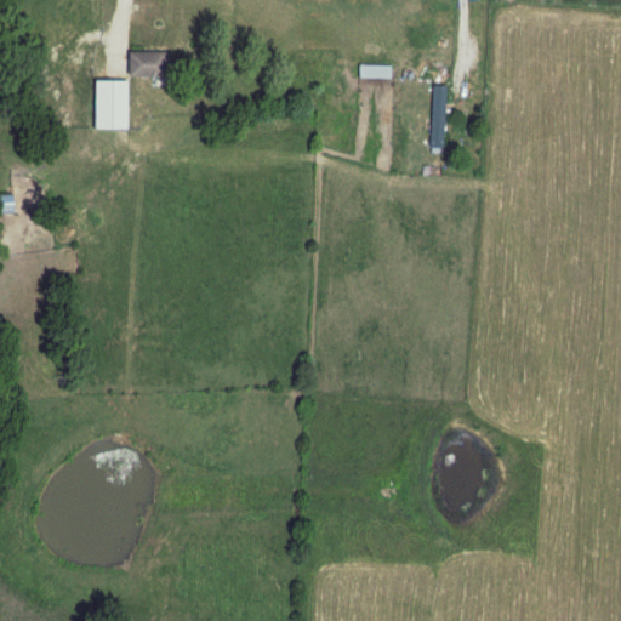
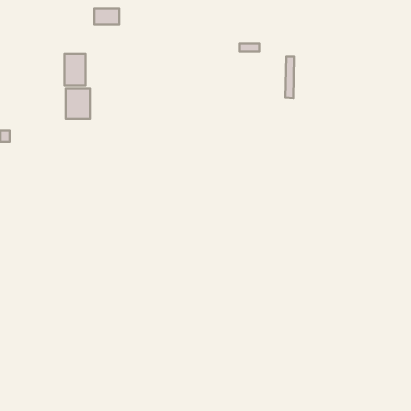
building: [131,52,169,76] -> [94,8,119,25]
building: none -> [66,89,90,119]

